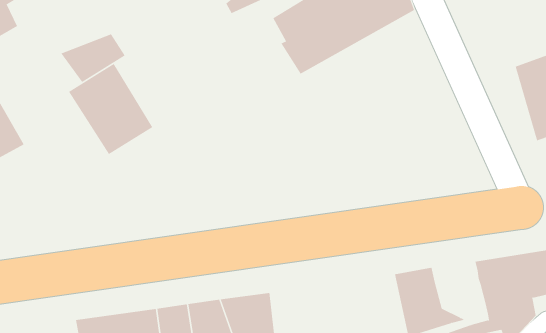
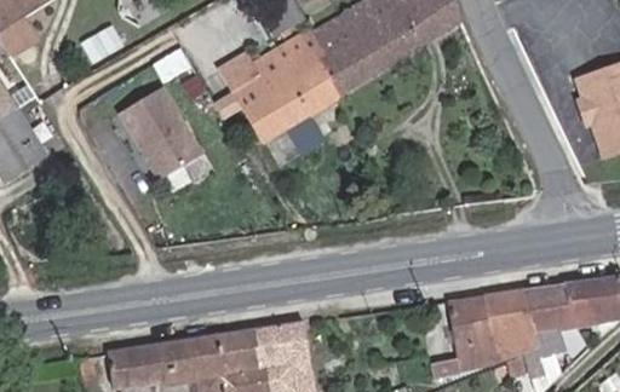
building: none -> [225,33,341,139]
building: [60,33,126,83] -> none
building: none -> [481,289,539,351]

